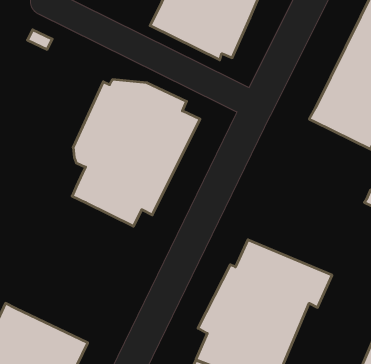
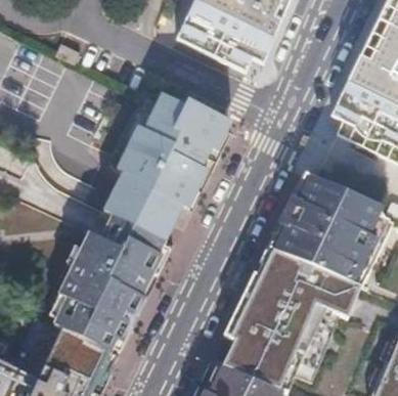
building: none -> [272,176,386,284]
building: none -> [43,214,169,352]

